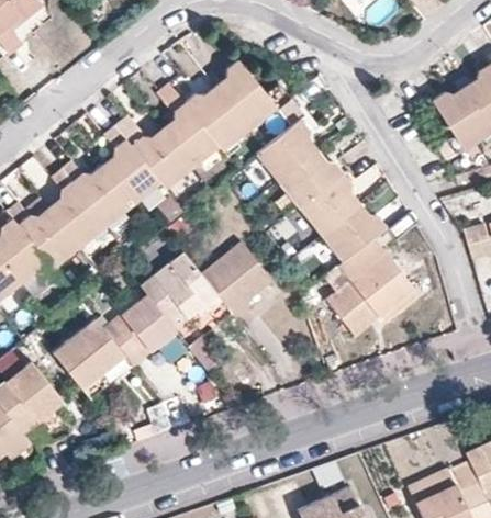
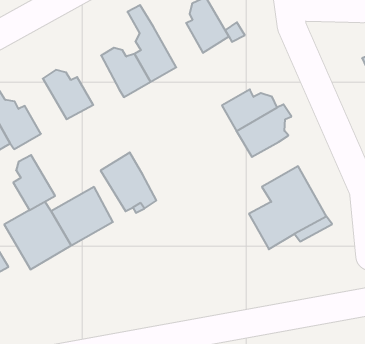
building: [187,91,247,145] -> none
building: [256,119,309,180] -> none
building: [110,137,159,202] -> none
building: [56,181,105,244] -> [13,155,55,210]
building: [321,202,386,260] -> none
building: [201,239,272,315] -> none

